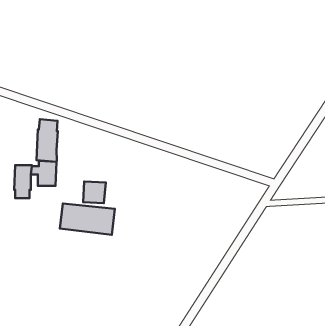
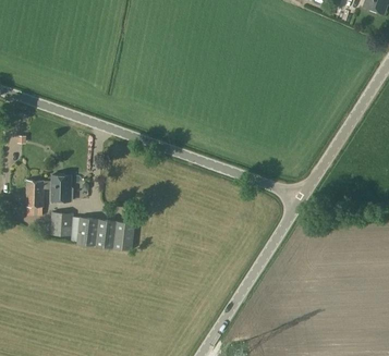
building: [36,119,58,162] -> none
building: [83,181,106,203] -> [51,212,75,235]

